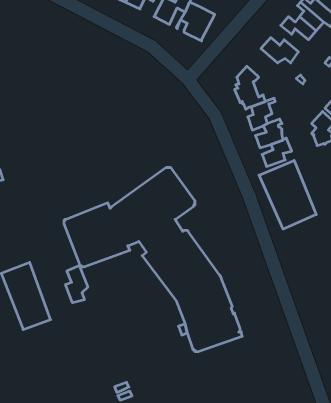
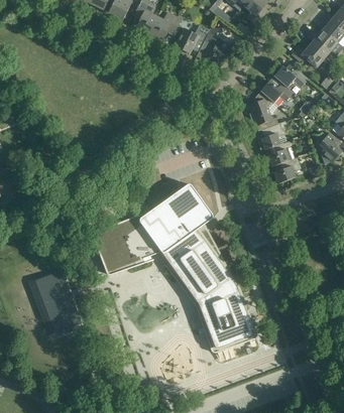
building: none -> [260,81,294,104]
building: [259,160,316,229] -> none
building: [66,266,88,303] -> none

